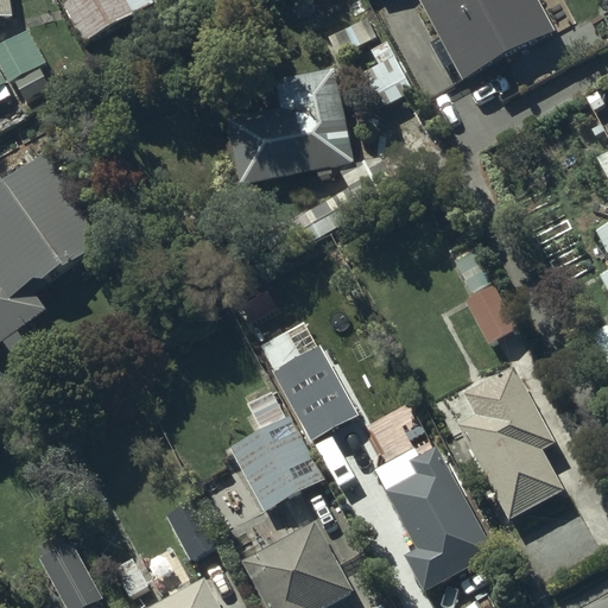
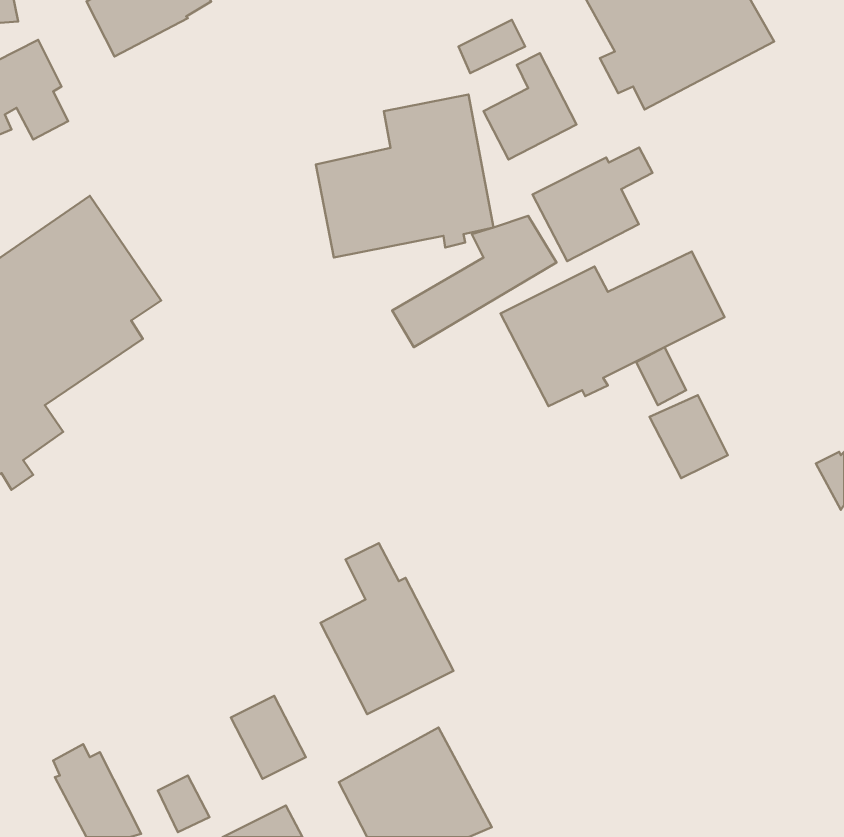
building: none -> [532,147,652,261]
building: none -> [501,252,725,406]
building: [260,328,370,438] -> none
building: [456,365,563,519] -> none
building: [375,445,494,591] -> none

